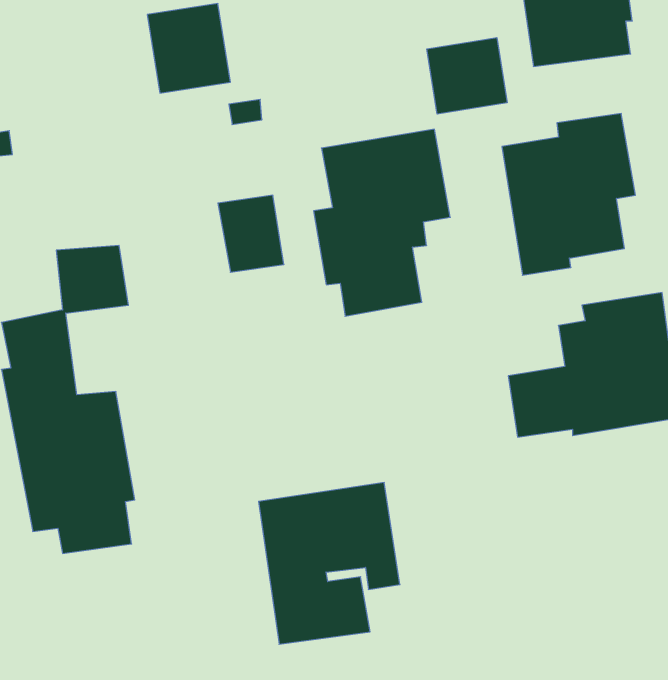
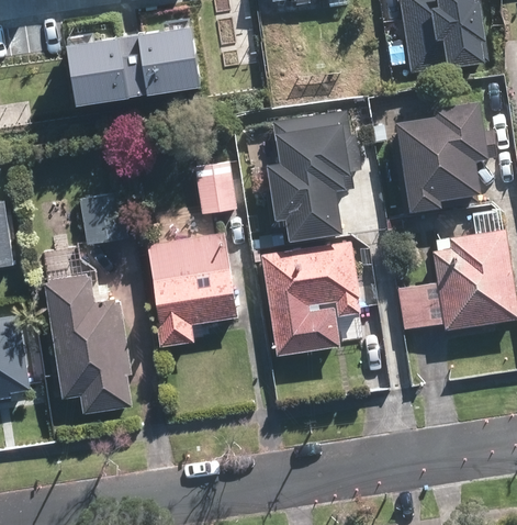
building: none -> [69,36,139,107]
building: [427,38,507,114] -> none
building: none -> [142,227,240,347]
building: [259,483,400,644] -> [260,241,359,354]

